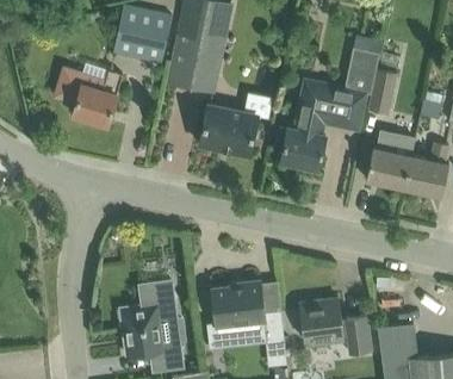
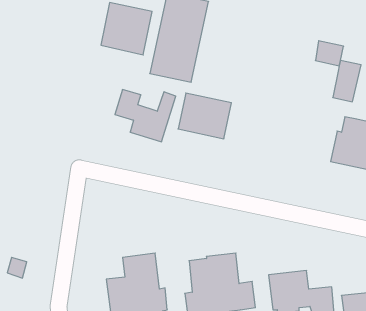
building: [56,68,123,125] -> [115,90,176,142]
building: [280,81,370,169] -> none

